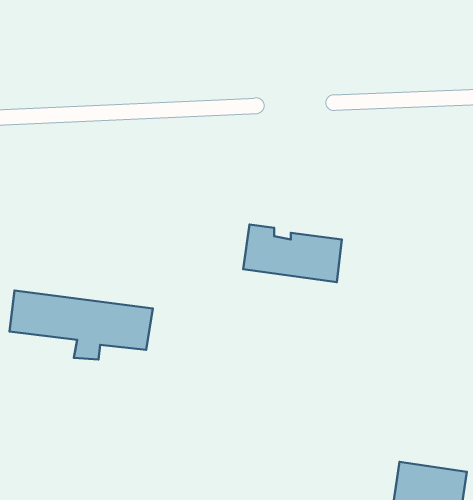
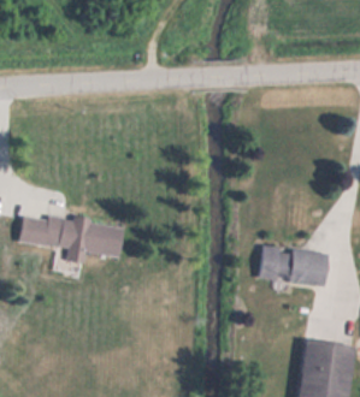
building: [243,225,342,282] -> [258,243,330,285]

